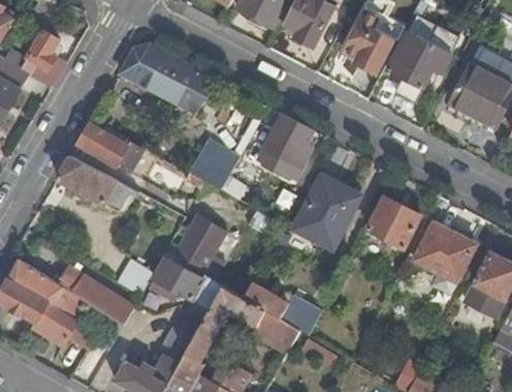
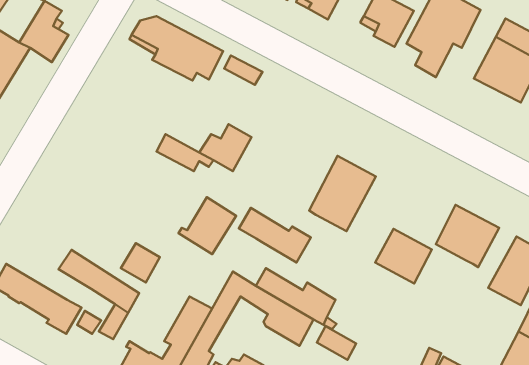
building: [264,115,313,168] -> none
building: [77,120,127,169] -> none
building: [57,155,137,211] -> none
building: [366,198,420,249] -> [375,229,432,283]
building: [154,259,222,310] -> [239,208,311,262]
building: [7,260,88,321] -> none

